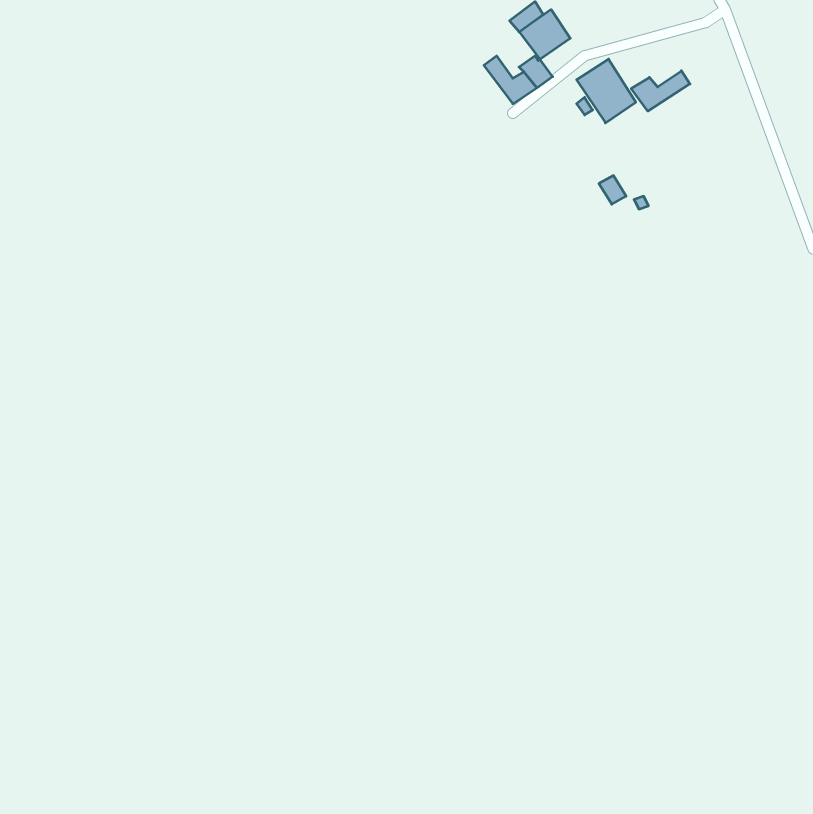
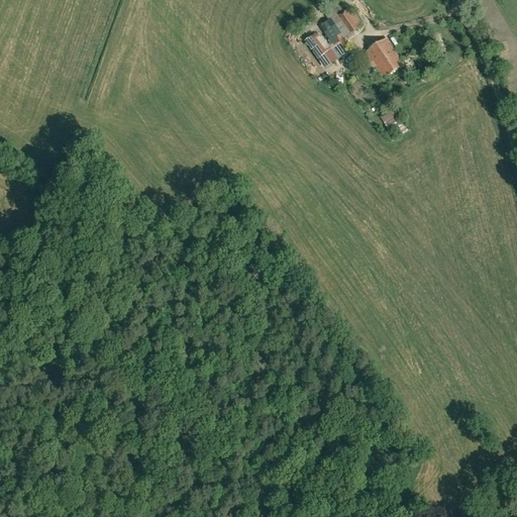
building: [631,71,690,111] -> none

